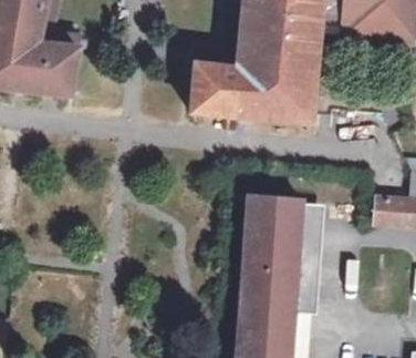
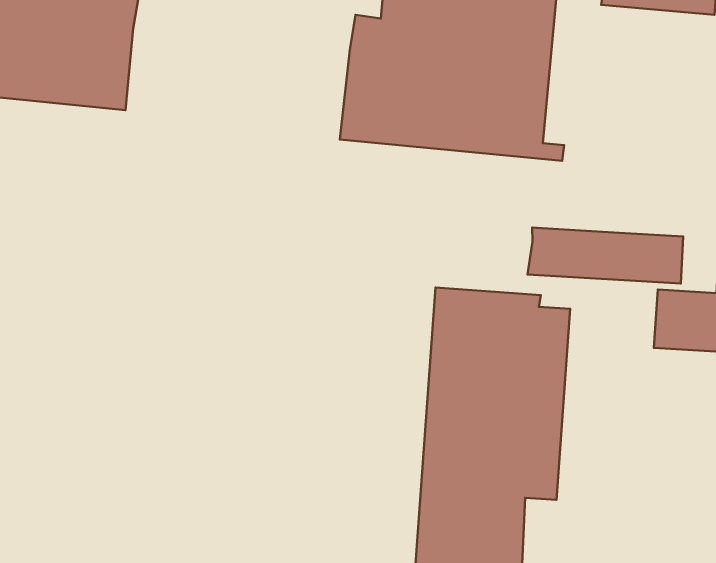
building: none -> [527,227,683,284]

